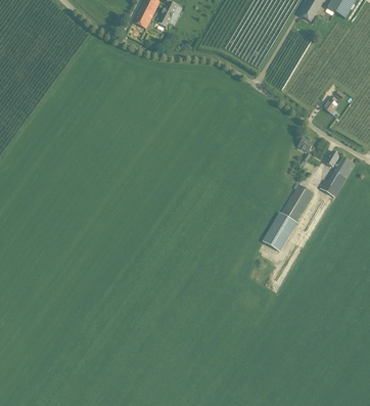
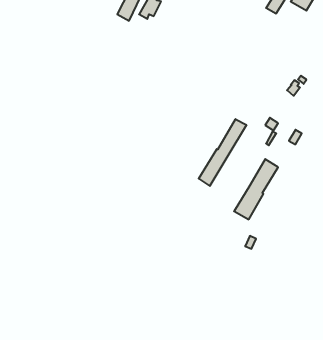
building: none -> [199,119,246,186]
building: [320,155,355,195] -> none

